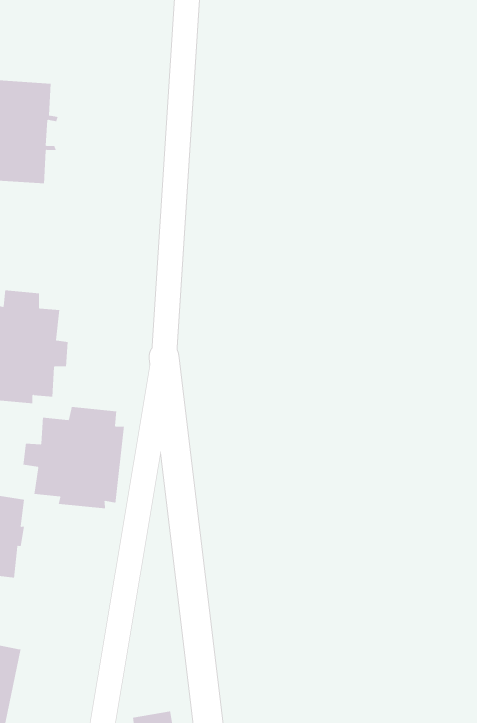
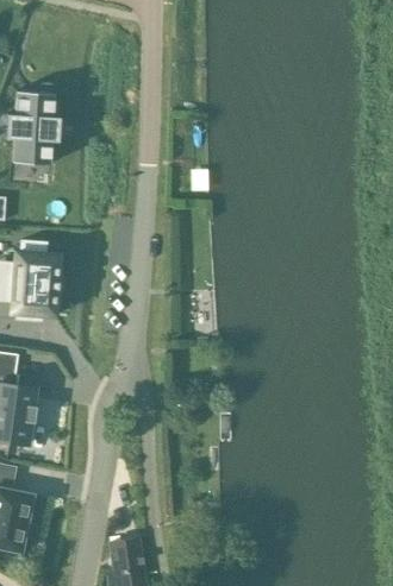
building: [23,406,124,509] -> none

